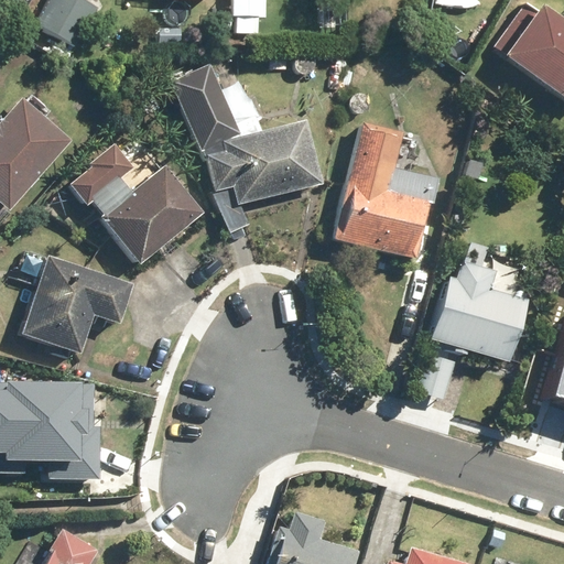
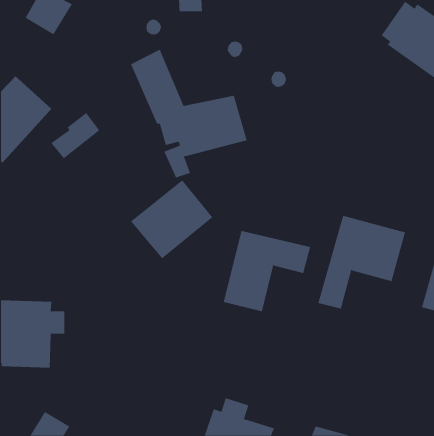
building: [335,121,436,258] -> none
building: [99,163,206,265] -> [130,180,213,259]
building: [20,253,133,355] -> none
building: none -> [223,230,311,312]

